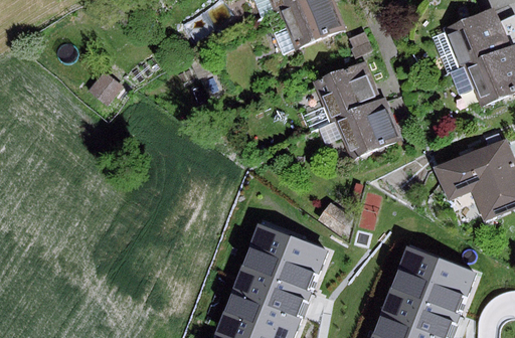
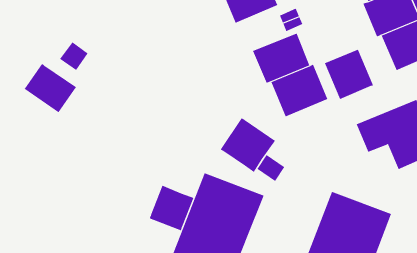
building: none -> [324,49,374,100]
building: none -> [24,63,77,113]
building: none -> [220,117,276,173]
building: none -> [149,185,194,231]

